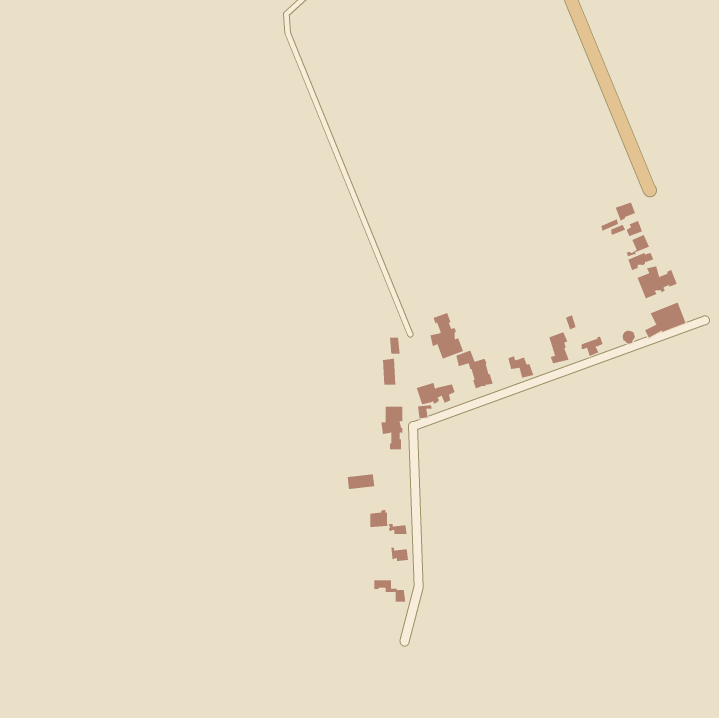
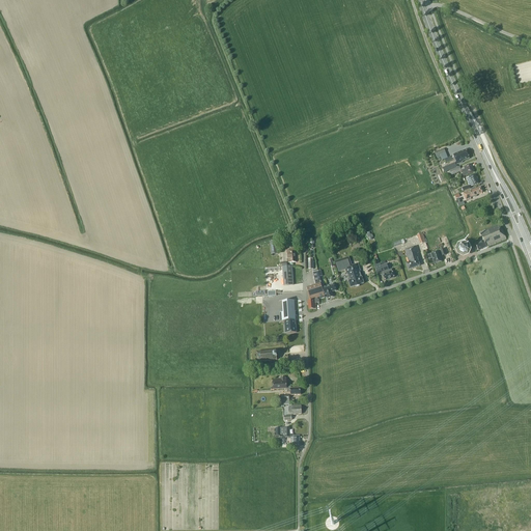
building: [637,266,678,299] -> none
building: [430,312,464,359] -> none

